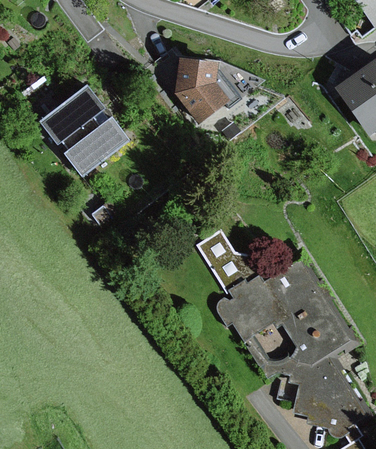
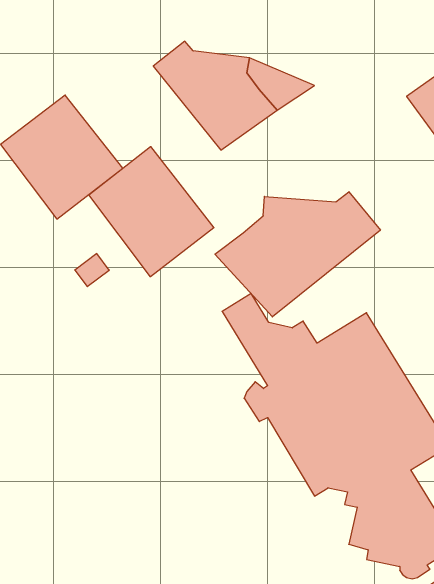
building: none -> [89,147,214,277]
building: none -> [215,192,380,317]

